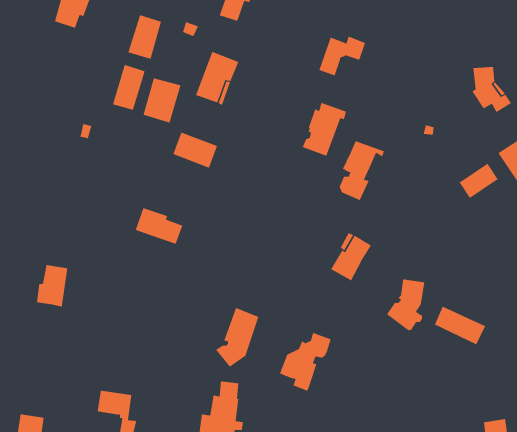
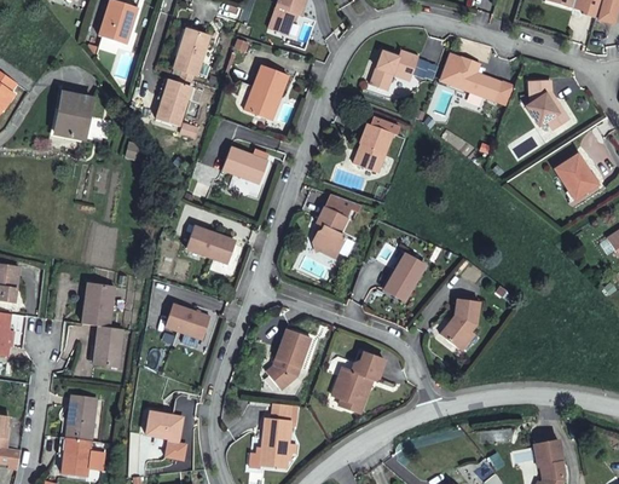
building: none -> [440,53,503,100]
building: none -> [54,88,91,133]
building: [143,77,181,123] -> none
building: [339,141,385,201] -> [314,194,361,255]
building: [459,163,498,199] -> none
building: none -> [156,300,201,335]
building: none -> [94,324,125,367]
building: [434,306,486,345] -> none
building: none -> [66,393,98,437]

